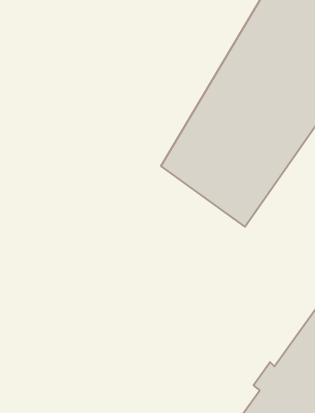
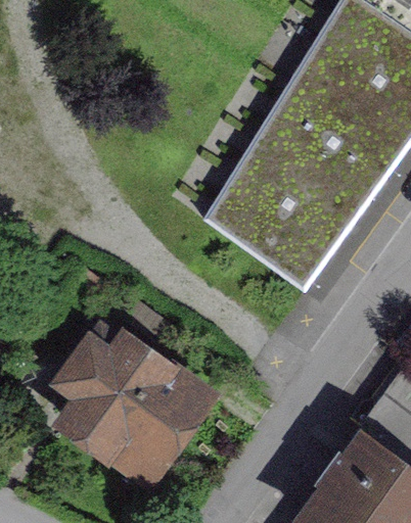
building: none -> [57,328,197,478]

